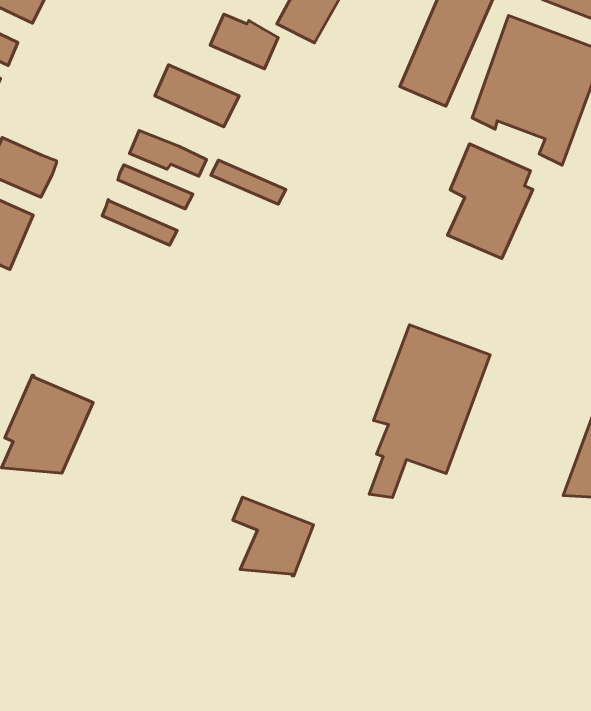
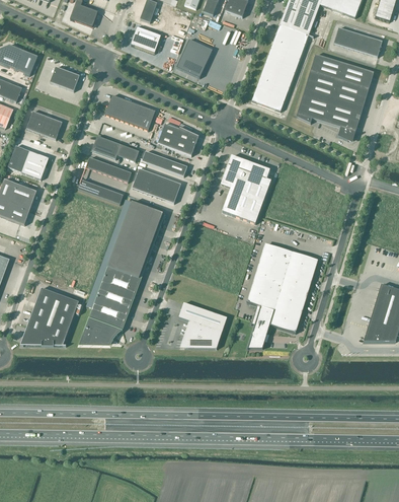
building: none -> [50,66,80,91]
building: [210,14,278,69] -> [158,124,198,155]
building: none -> [26,111,62,139]
building: [447,144,533,258] -> [223,148,272,216]
building: none -> [132,168,181,203]
building: none -> [83,201,163,343]
building: [233,497,314,576] -> [178,302,227,348]

